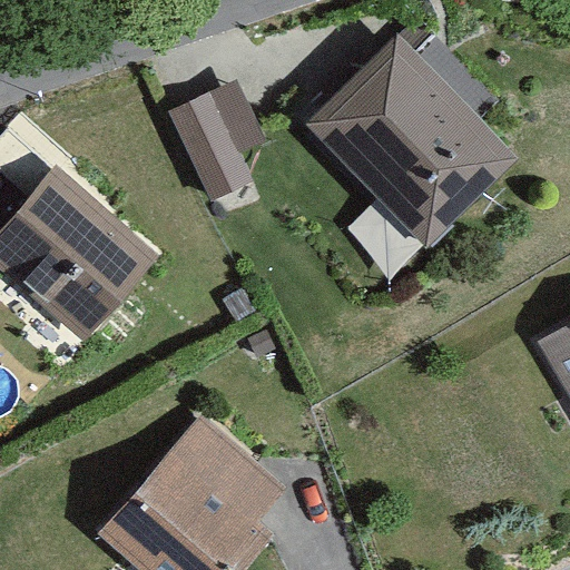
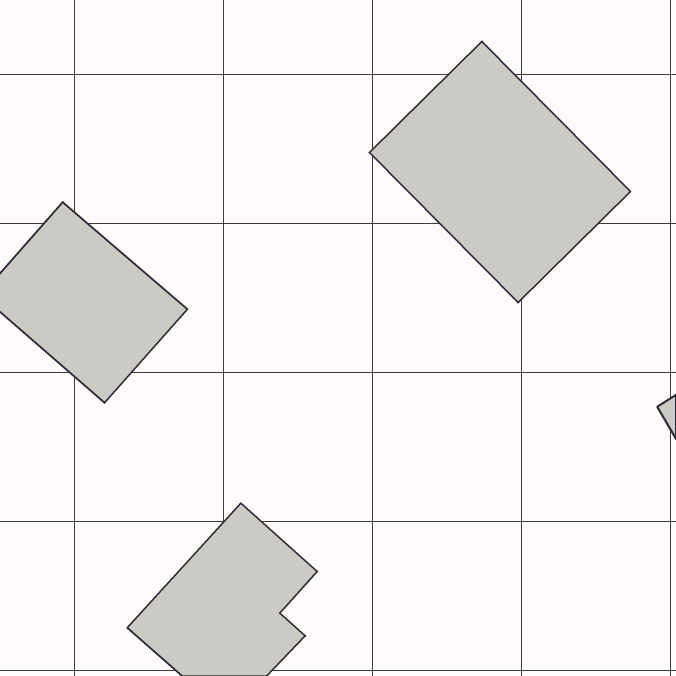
building: [167,88,253,203] -> none

